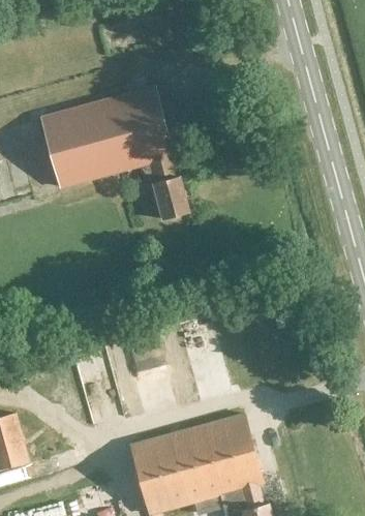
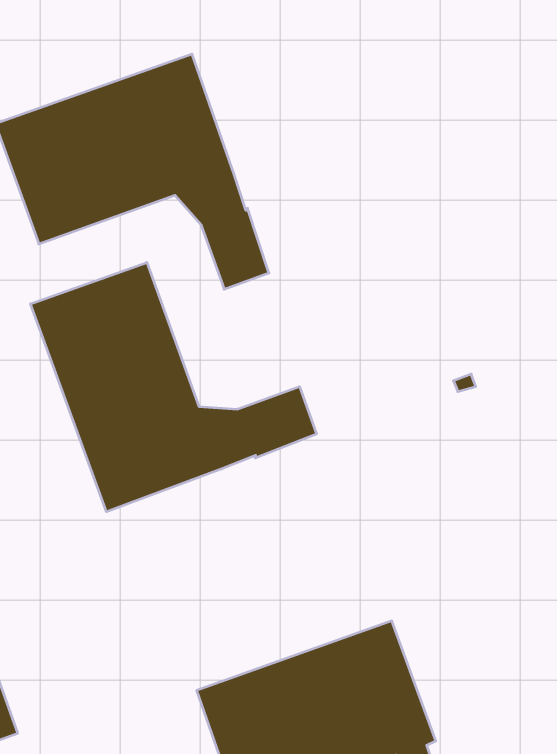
building: none -> [31,262,316,512]

